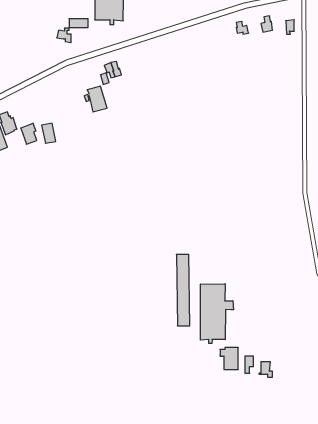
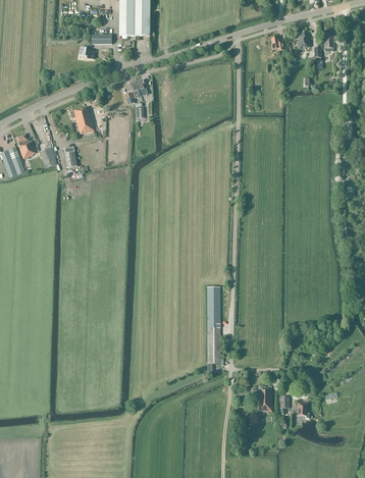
building: [84,86,107,112] -> [69,106,94,134]
building: [201,284,234,343] -> none

